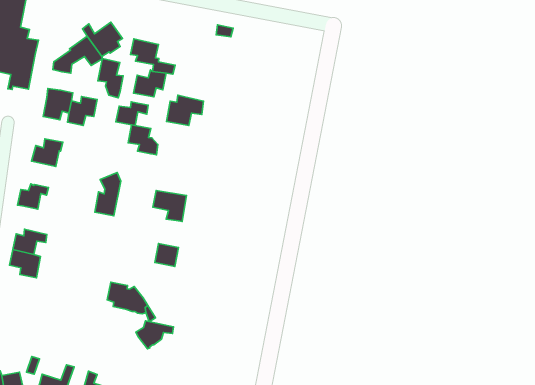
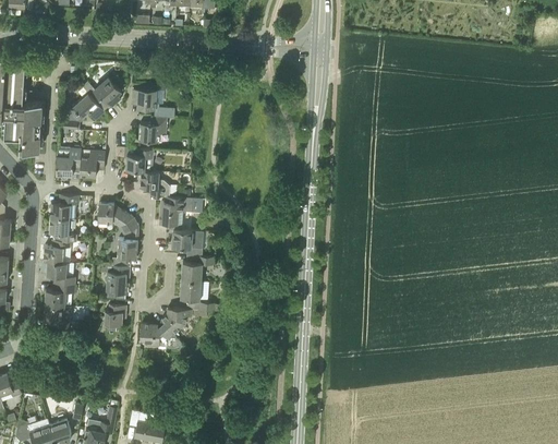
building: [98,59,123,98] -> none
building: [166,95,204,126] -> [159,196,192,224]
building: none -> [97,204,133,227]
building: none -> [49,218,76,242]
building: none -> [46,262,75,286]
building: none -> [105,266,129,293]
building: none -> [181,256,215,281]
building: none -> [104,305,126,332]
building: [136,321,173,349] -> [160,308,195,334]

